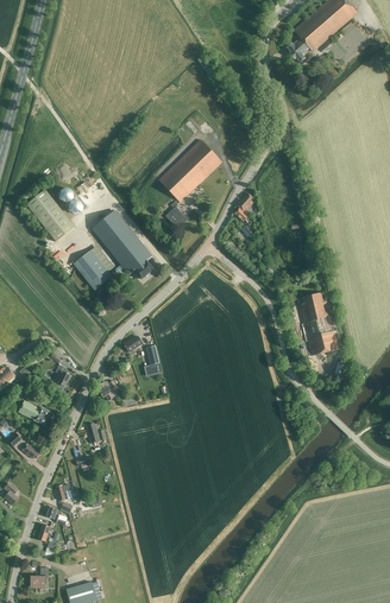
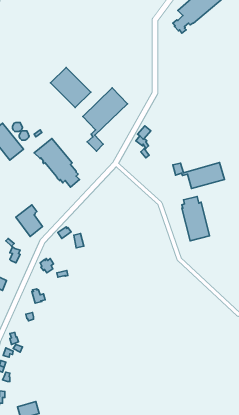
building: none -> [51,67,91,108]
building: none -> [173,162,224,189]
building: [75,245,113,290] -> [16,205,43,237]

